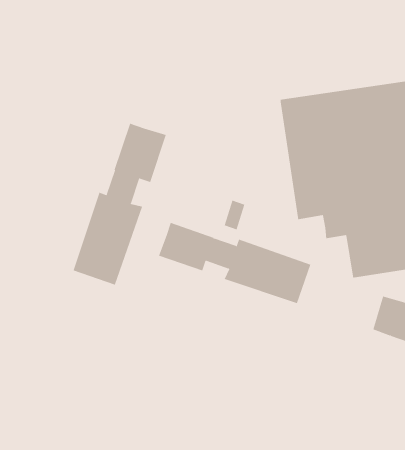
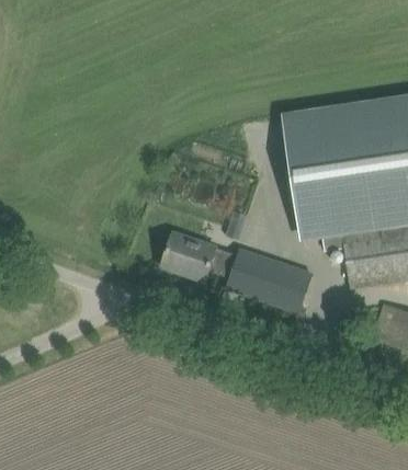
building: [73,123,167,285] -> none

